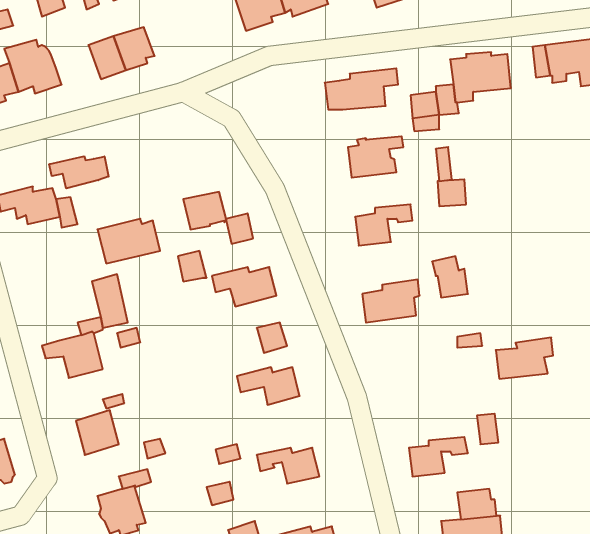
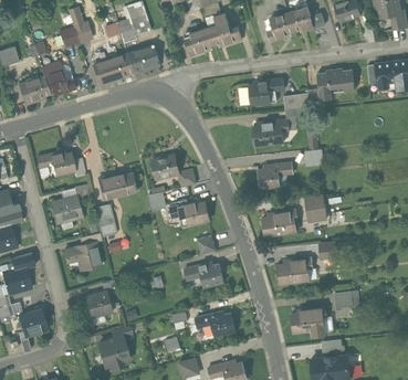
building: none -> [127,44,160,73]
building: [49,156,109,188] -> none
building: none -> [52,194,82,223]
building: [496,338,553,379] -> [278,256,313,282]

